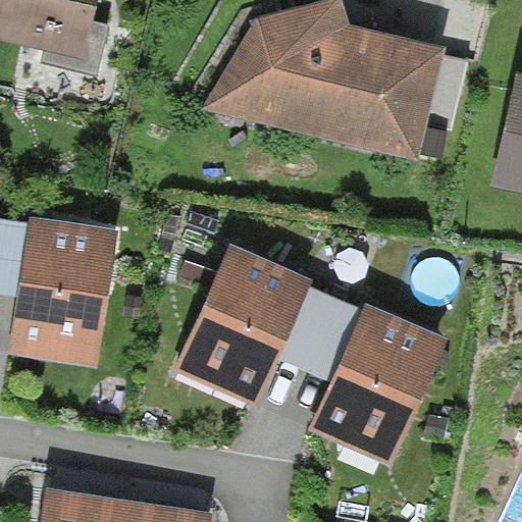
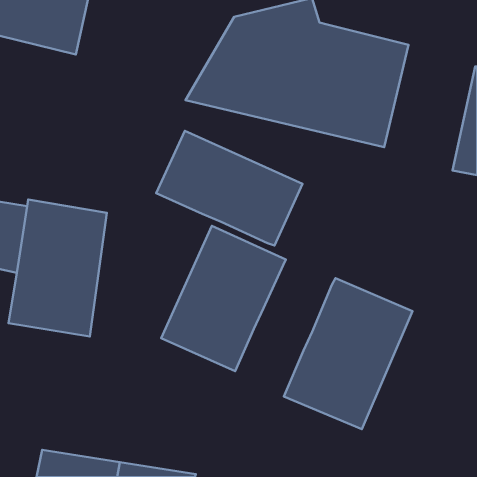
building: none -> [156,131,303,246]
building: [276,289,361,381] -> none

